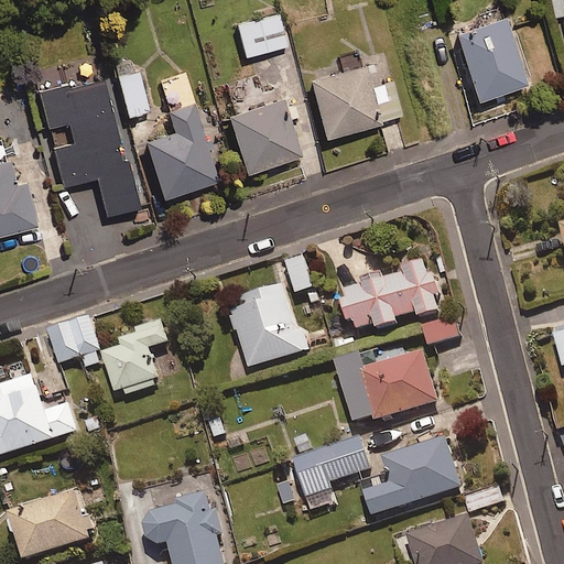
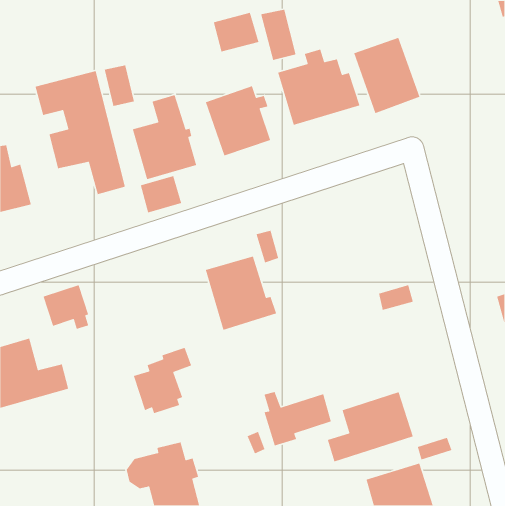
building: none -> [260,9,296,61]
building: [454,18,529,104] -> [353,37,420,114]
building: none -> [140,175,182,214]
building: [338,257,440,330] -> none
building: [100,319,166,394] -> [133,347,192,414]
building: [334,348,436,420] -> none
building: [7,489,94,558] -> none

